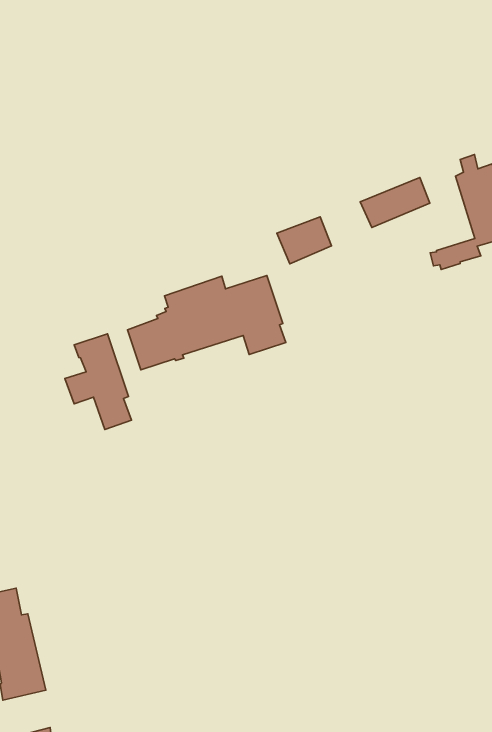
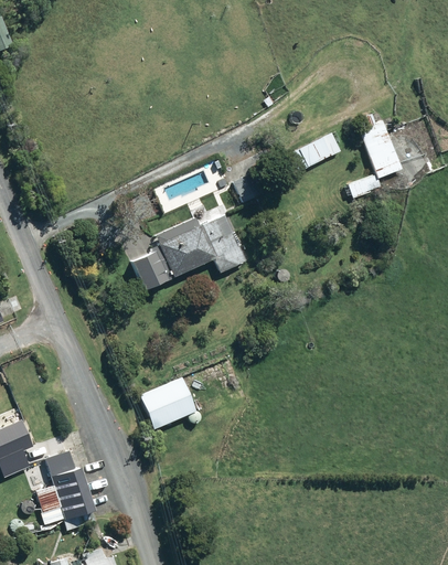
building: [65,334,132,429] -> none
building: none -> [139,377,196,429]

